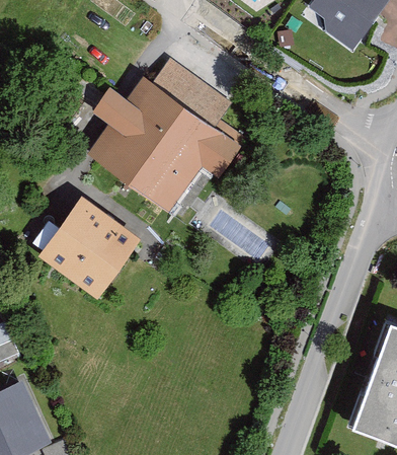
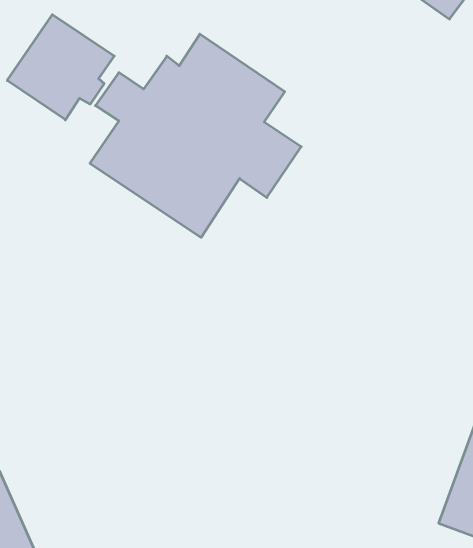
building: none -> [7,15,114,120]
building: [41,200,139,297] -> none

